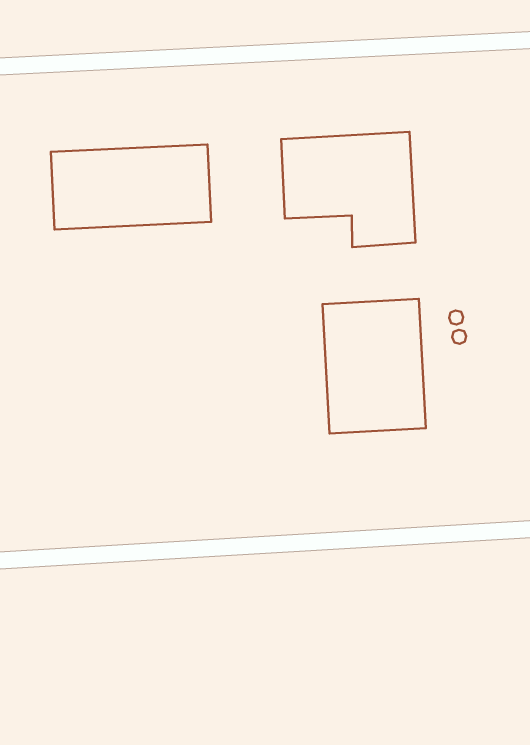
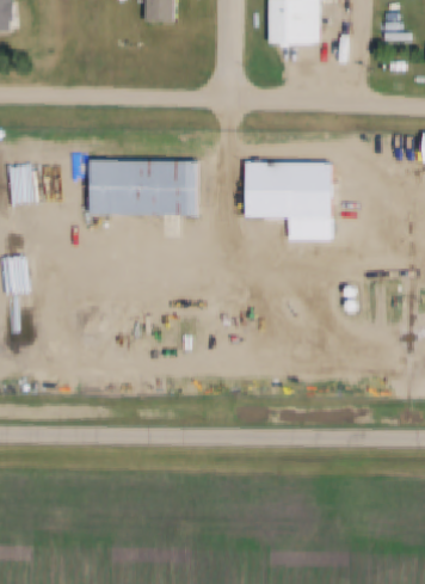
building: [322,299,426,434] -> none

